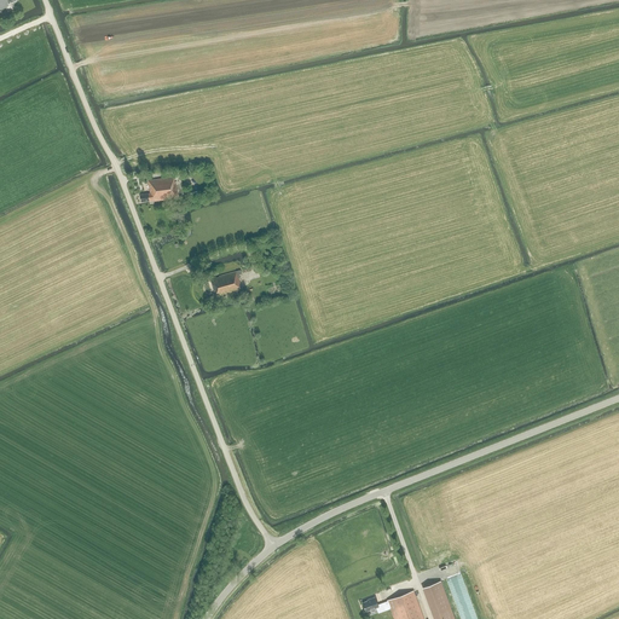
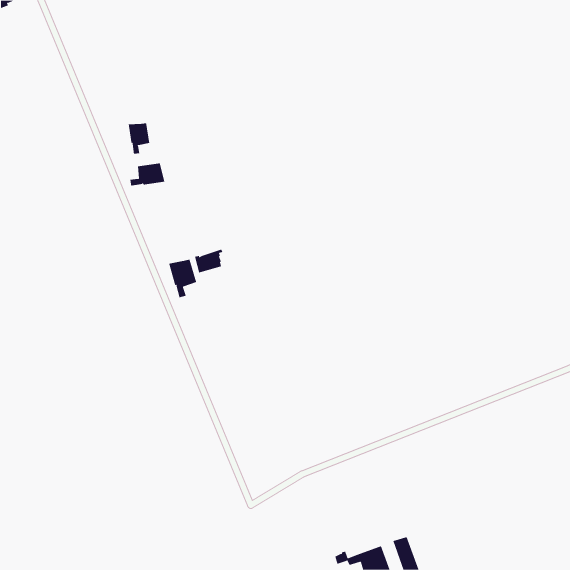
building: none -> [128,123,150,155]
building: none -> [168,259,197,298]

